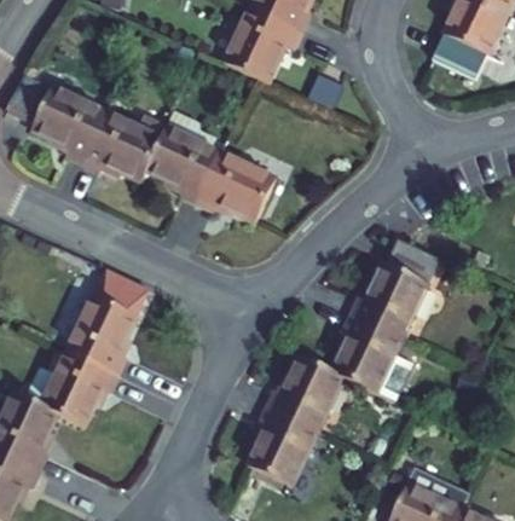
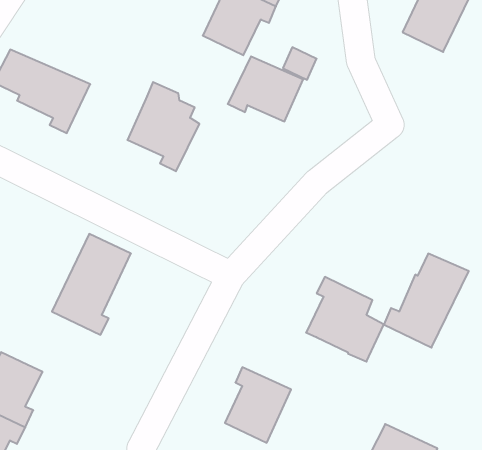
building: [82,112,166,181] -> none
building: [196,154,274,221] -> [228,56,303,121]
building: [351,239,439,337] -> [384,254,469,348]
building: [41,349,117,424] -> none
building: [265,355,342,430] -> none

